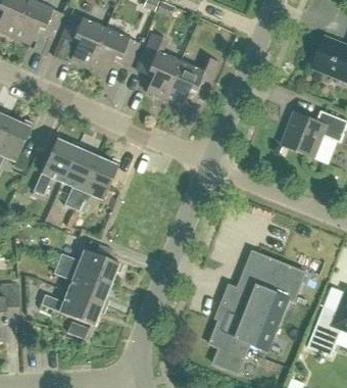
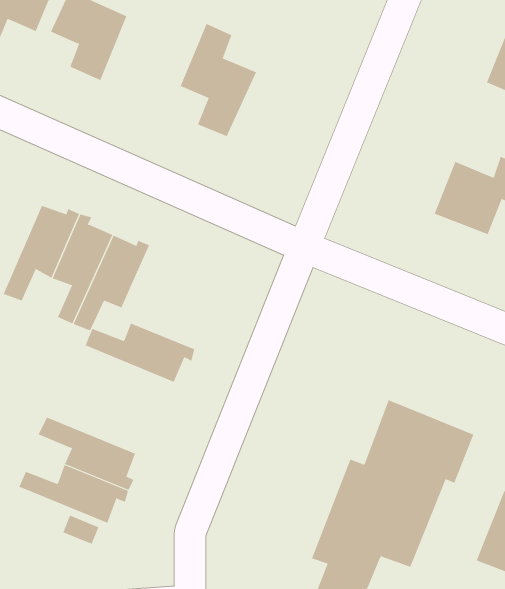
building: [89,29,138,75] -> none
building: [162,56,218,107] -> none
building: [57,249,121,284] -> [85,323,195,382]

